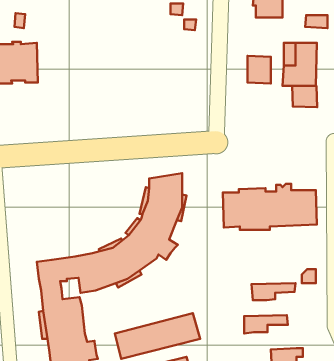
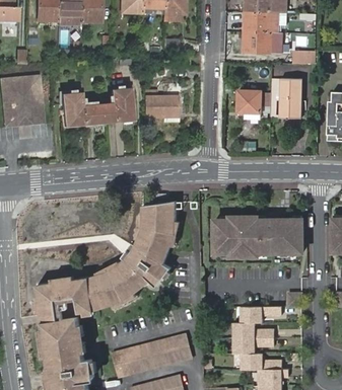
building: none -> [60,87,131,127]
building: none -> [143,95,178,118]
building: [292,86,317,107] -> none
building: none -> [232,321,274,336]
building: none -> [243,352,283,368]

